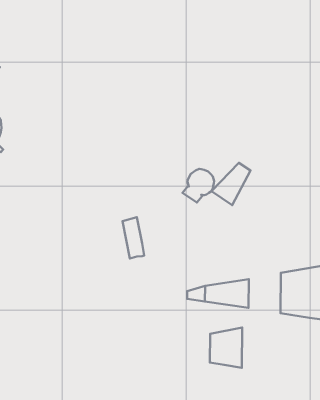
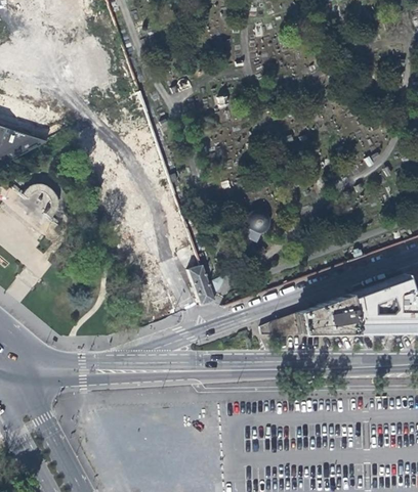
building: [211,163,250,205] -> none
building: [210,328,242,368] -> [319,295,354,333]

